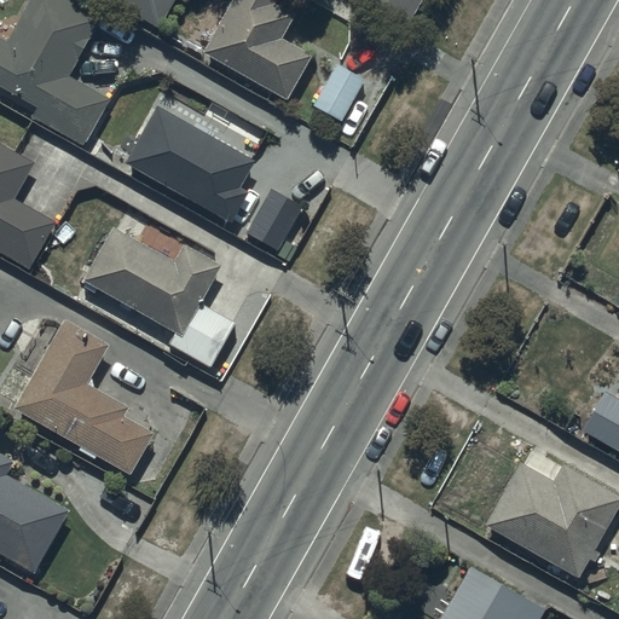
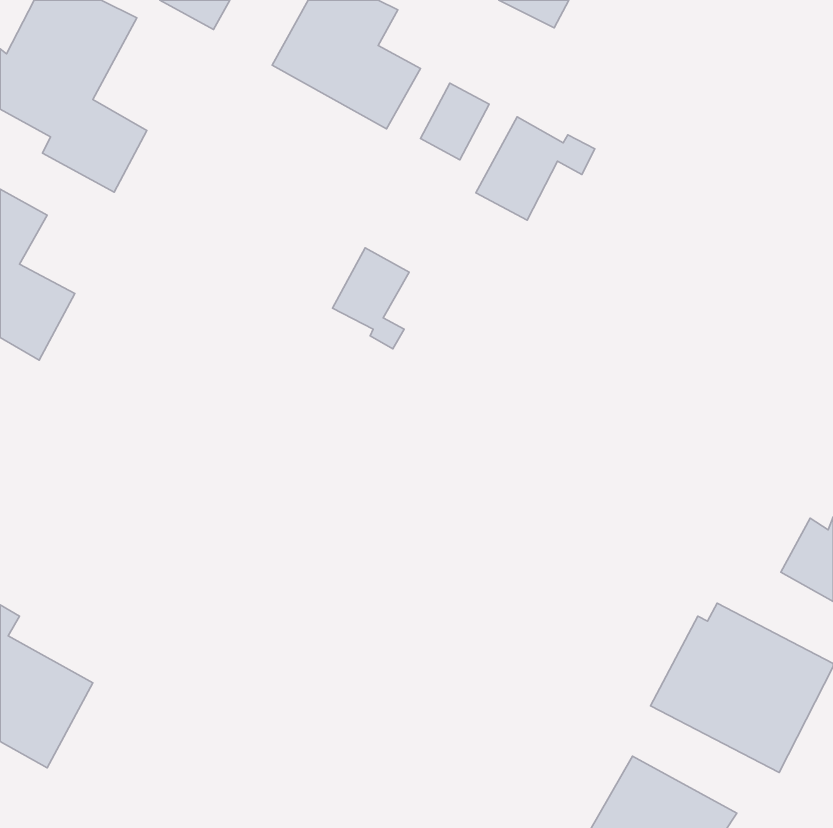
building: none -> [476,117,595,220]
building: [123,106,255,224] -> none
building: [82,228,233,365] -> none
building: [13,318,155,475] -> none

